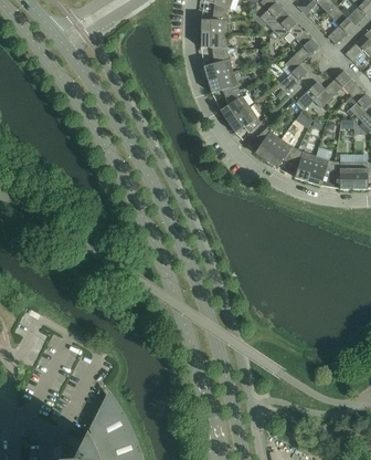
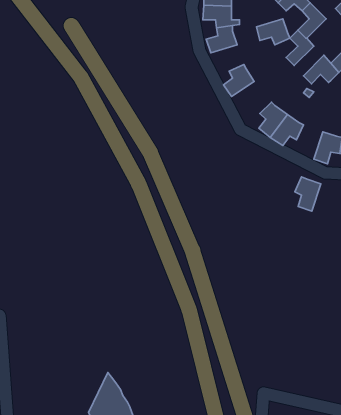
building: [208,72,240,97] -> [257,19,290,45]
building: [227,107,261,134] -> none
building: [290,149,316,182] -> [295,177,321,211]

